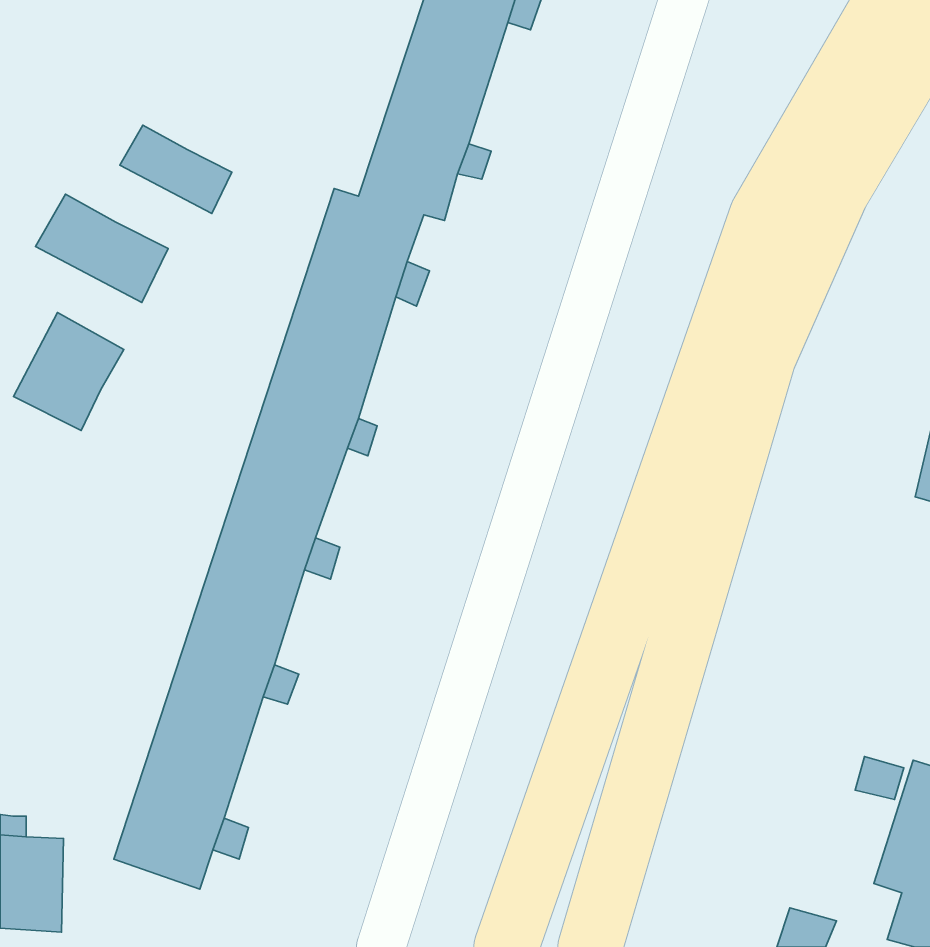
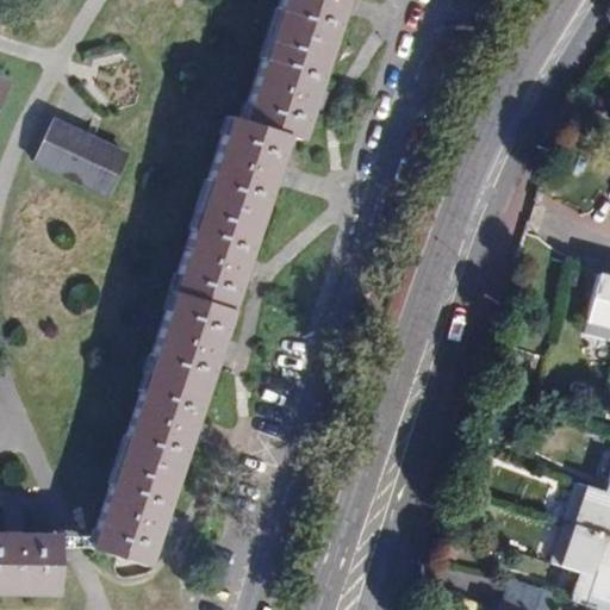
building: [120,125,232,214] -> none
building: [13,313,124,431] -> none

